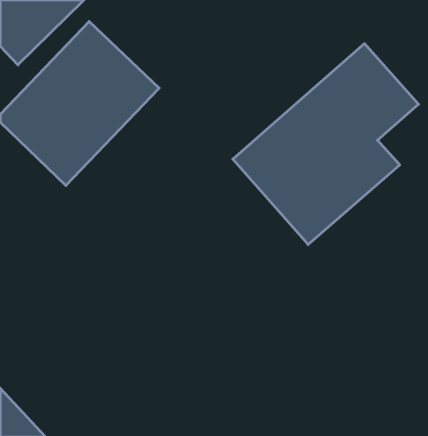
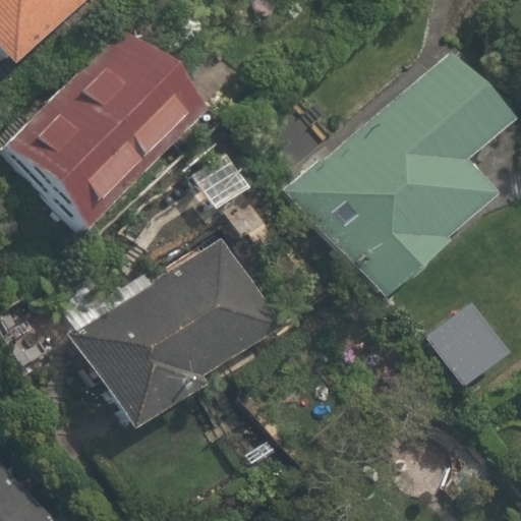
building: none -> [68,235,281,433]

